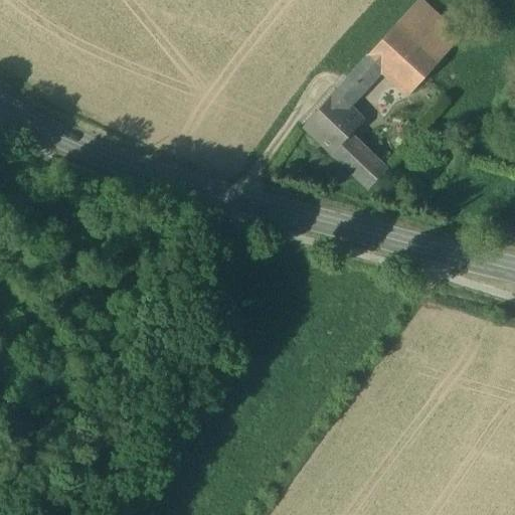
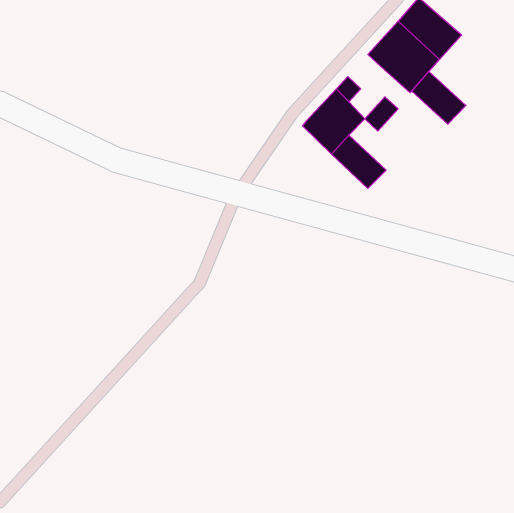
building: [348,54,381,89] -> [365,97,398,131]
building: none -> [412,72,466,124]

